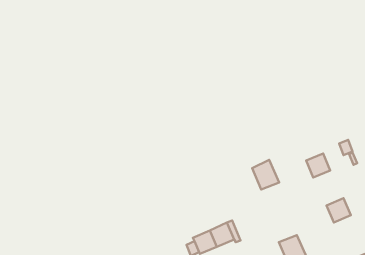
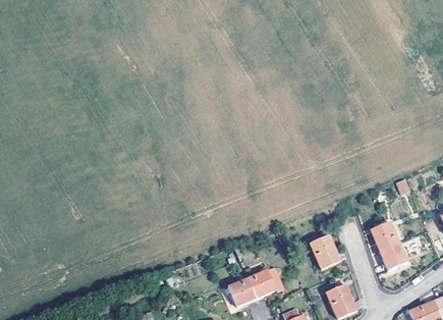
building: [306,153,330,178] -> [372,222,399,250]
building: [252,160,279,190] -> [311,235,341,269]

